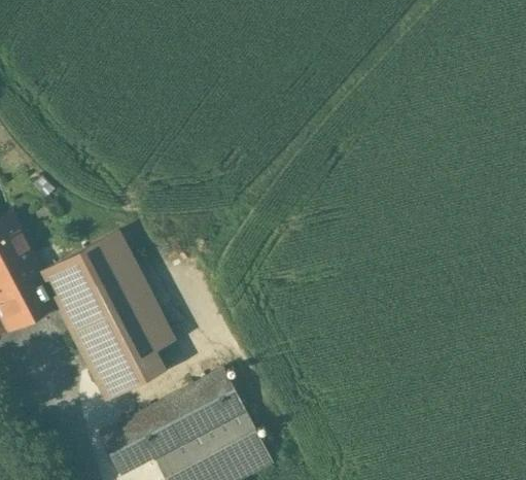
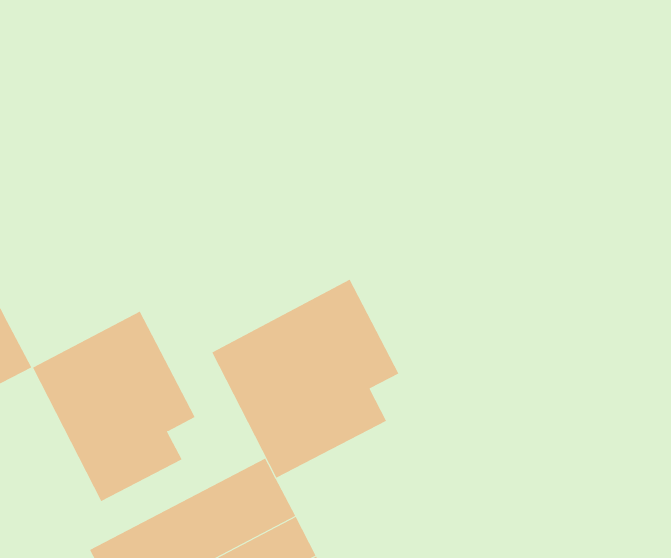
building: [41,234,135,306] -> none
building: none -> [211,279,399,479]

